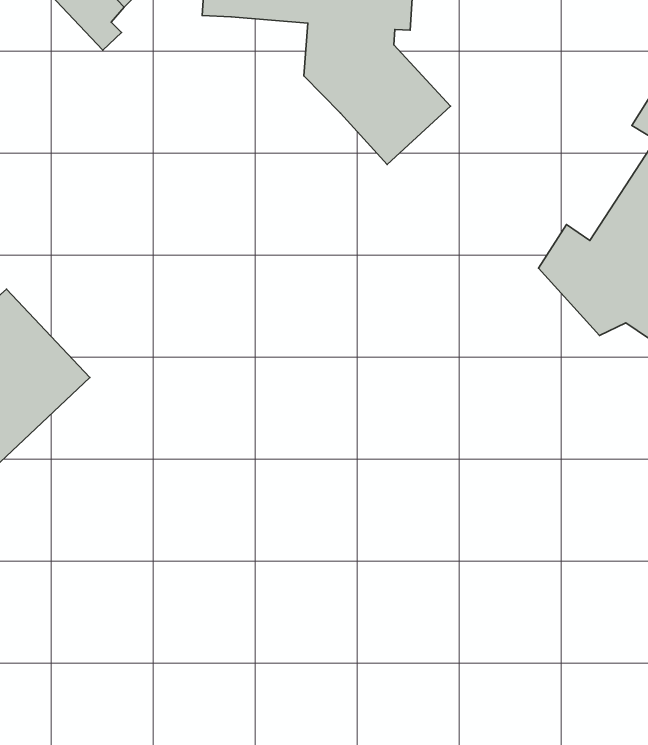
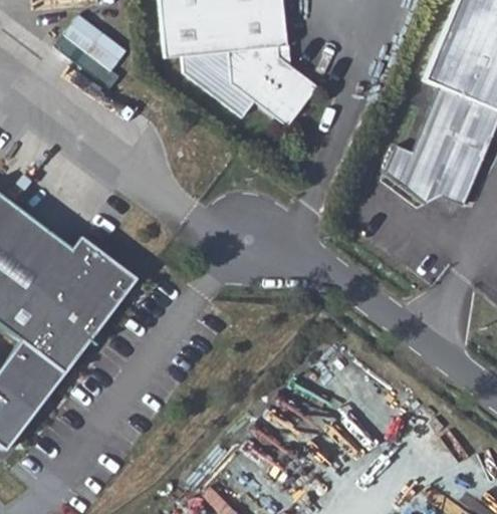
building: none -> [181,51,254,116]

